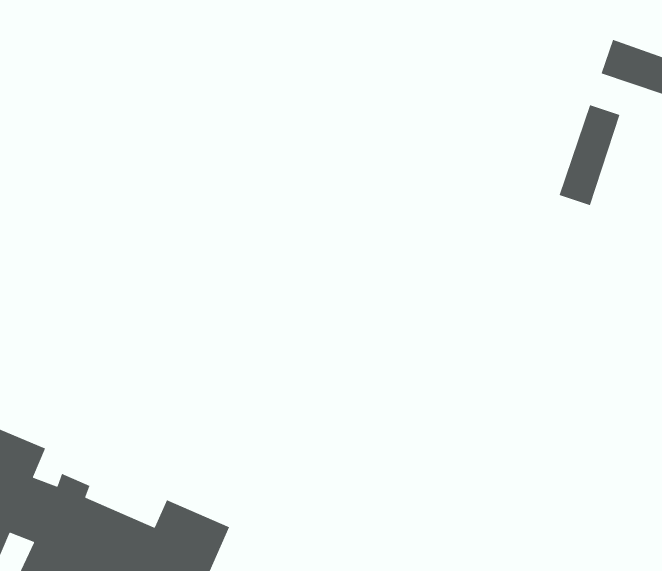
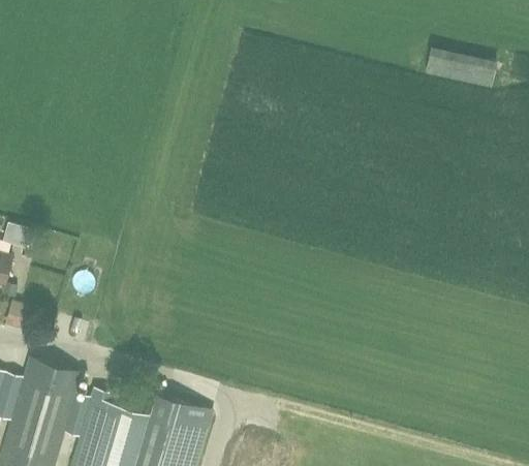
building: [559,104,620,206] -> none

